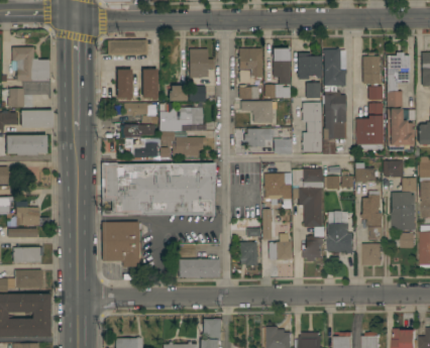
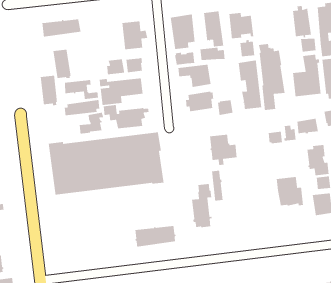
building: [323,48,347,87] -> none
building: [142,70,157,101] -> [40,75,58,106]
building: [293,168,323,261] -> none
building: [101,222,138,267] -> none
building: [268,233,292,261] -> none

